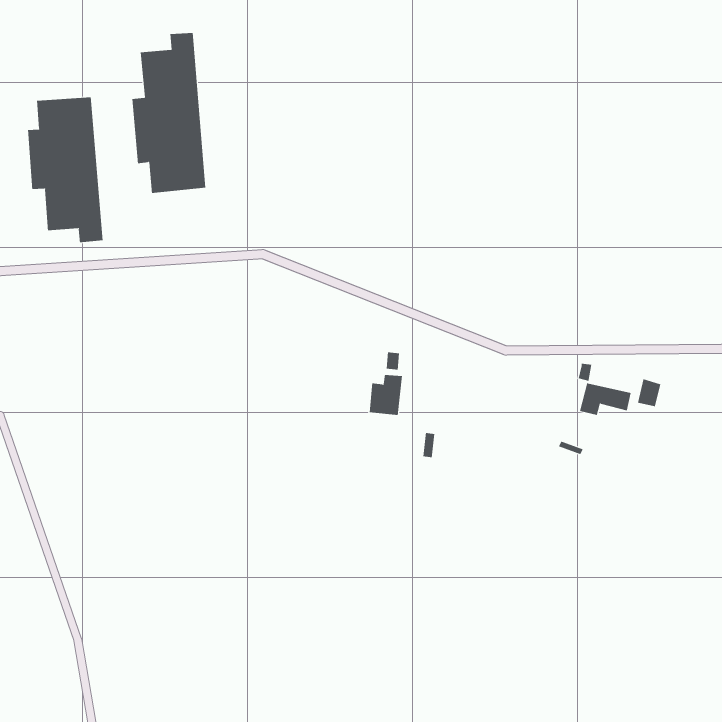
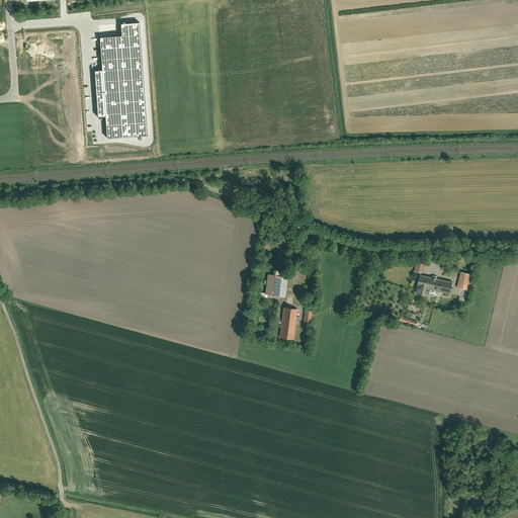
building: [27,97,103,243] -> none
building: none -> [279,308,298,339]

